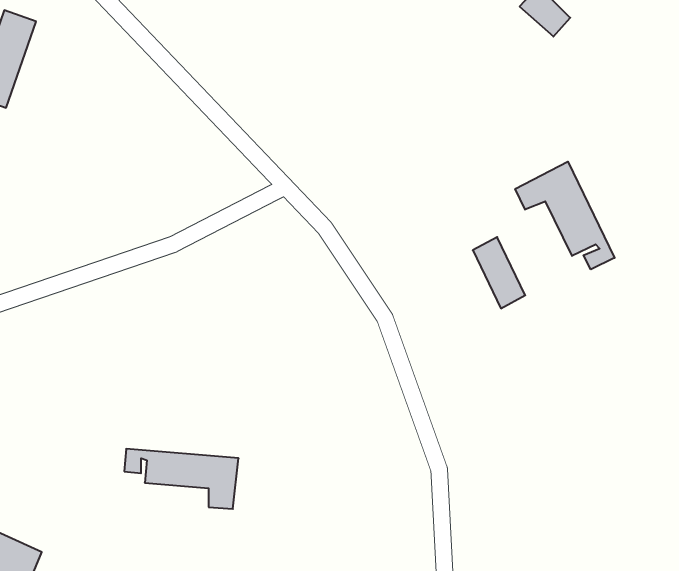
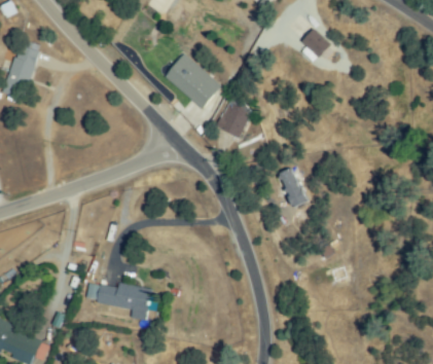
building: none -> [167,54,220,106]
building: none -> [219,103,252,138]
building: [515,162,615,269] -> none

